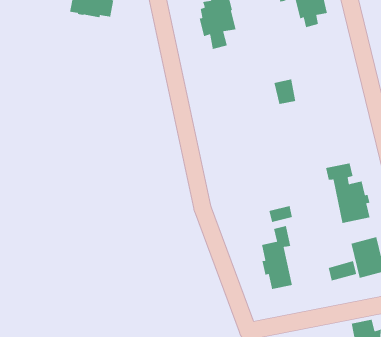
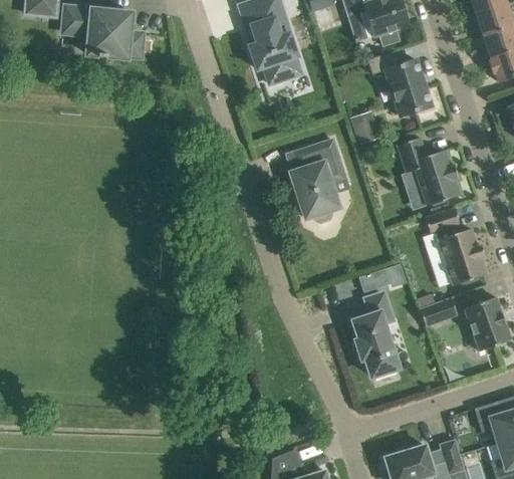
building: none -> [367,50,431,116]
building: none -> [290,140,344,223]
building: none -> [397,137,460,206]
building: [328,260,357,282] -> [420,297,457,326]

